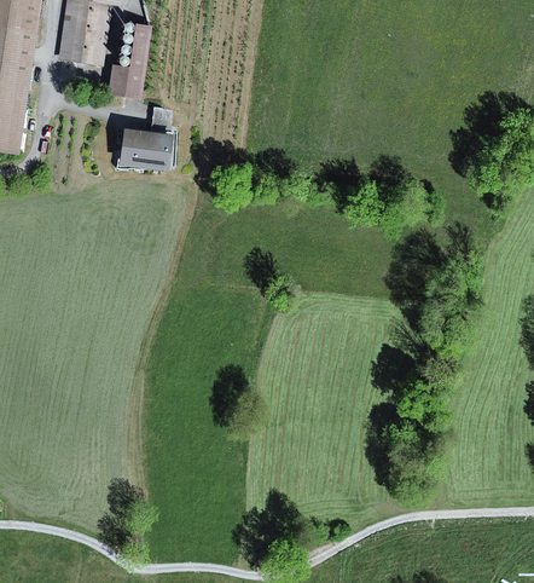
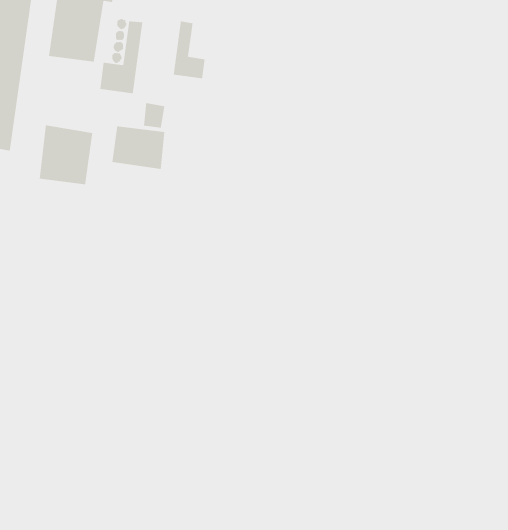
building: none -> [173,21,205,79]
building: none -> [39,125,93,185]

